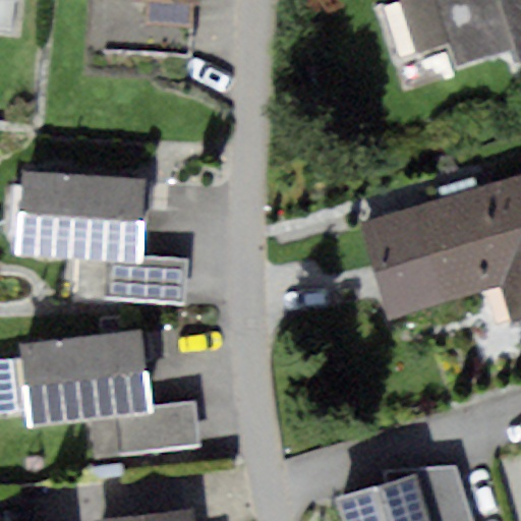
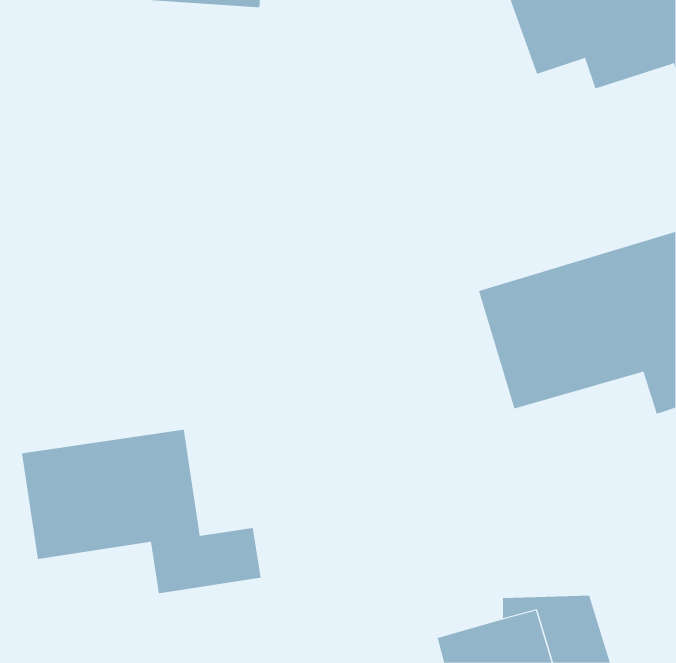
building: [16,169,192,305] -> none

